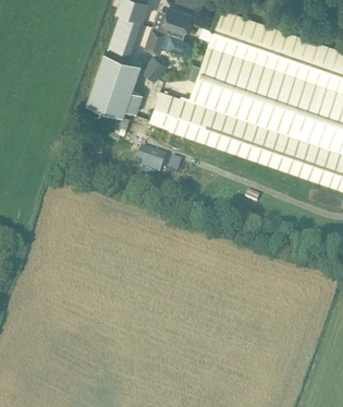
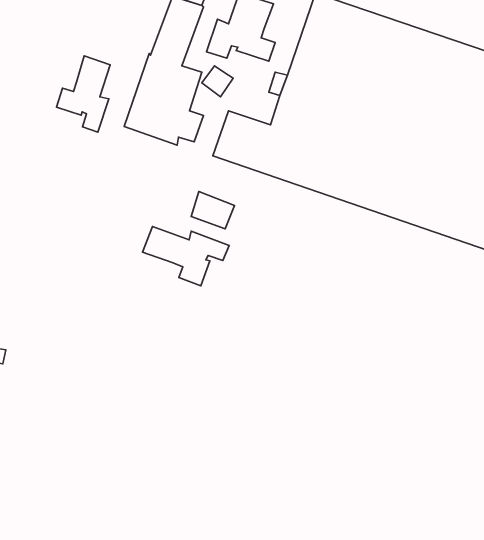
building: none -> [56,56,110,132]
building: none -> [142,226,229,286]

